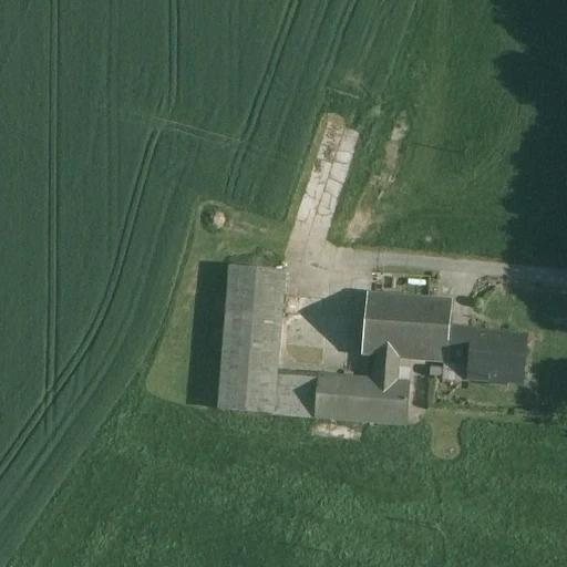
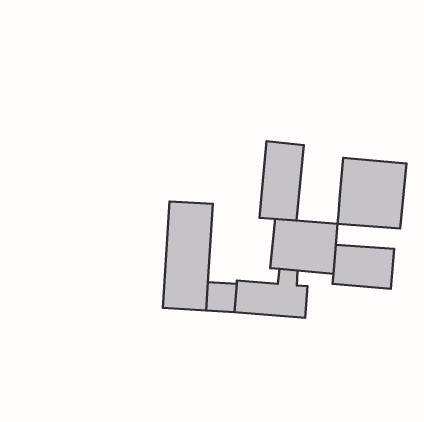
building: none -> [259,141,304,221]
building: none -> [338,158,406,229]

